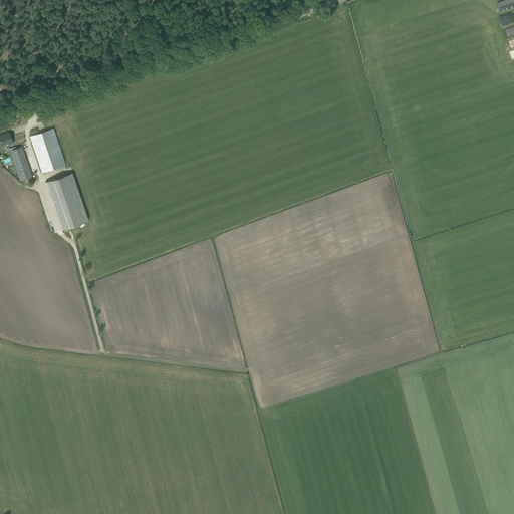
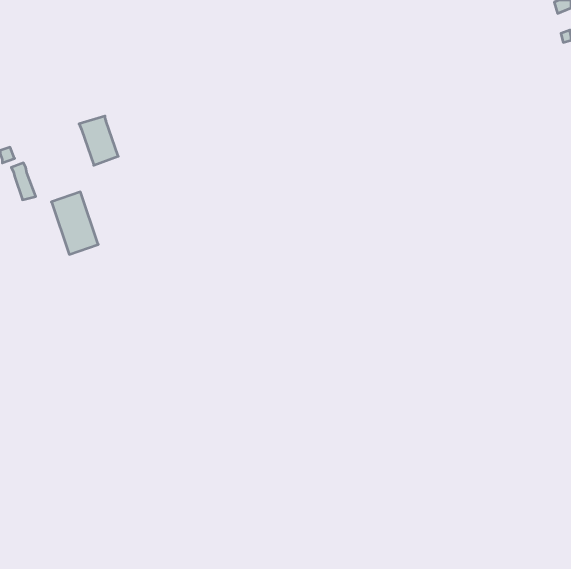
building: [30,130,65,174] -> [79,116,118,165]

